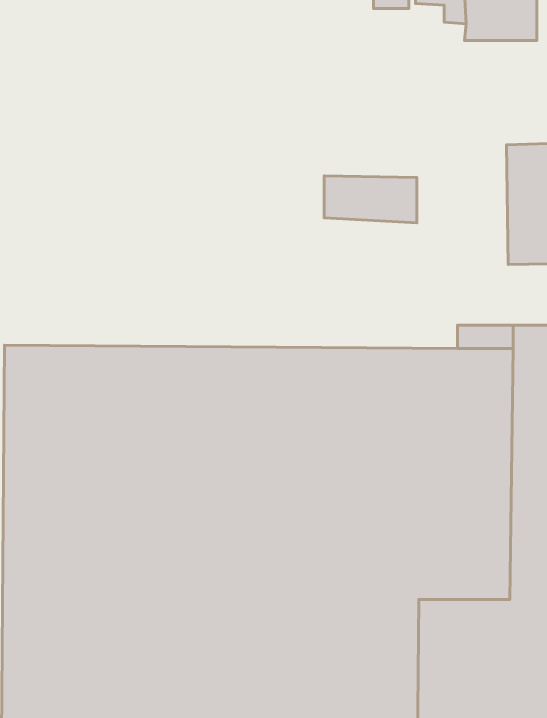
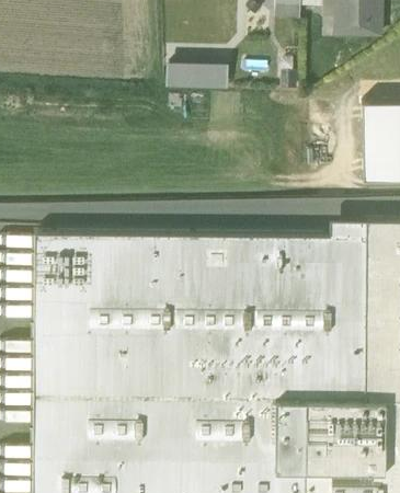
building: [324,176,417,223] -> [169,62,229,93]

